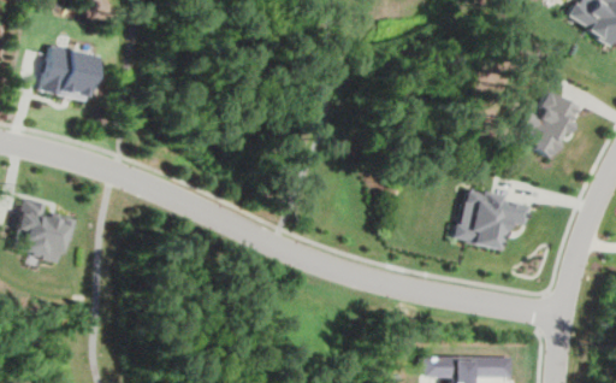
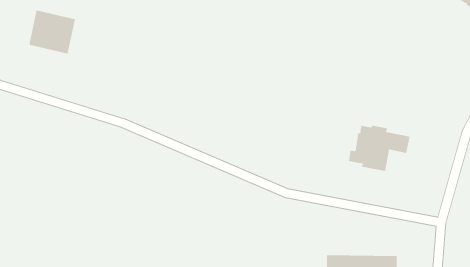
building: [523,94,576,154] -> none
building: [14,199,77,264] -> none

